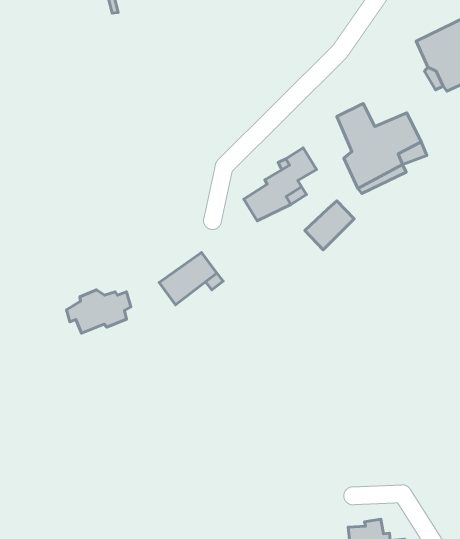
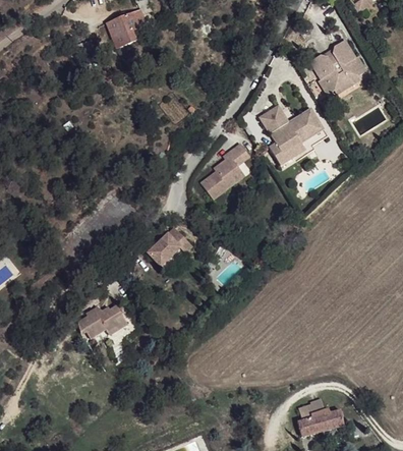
building: [305,201,354,250] -> none
building: [67,290,131,333] -> [77,306,122,339]

